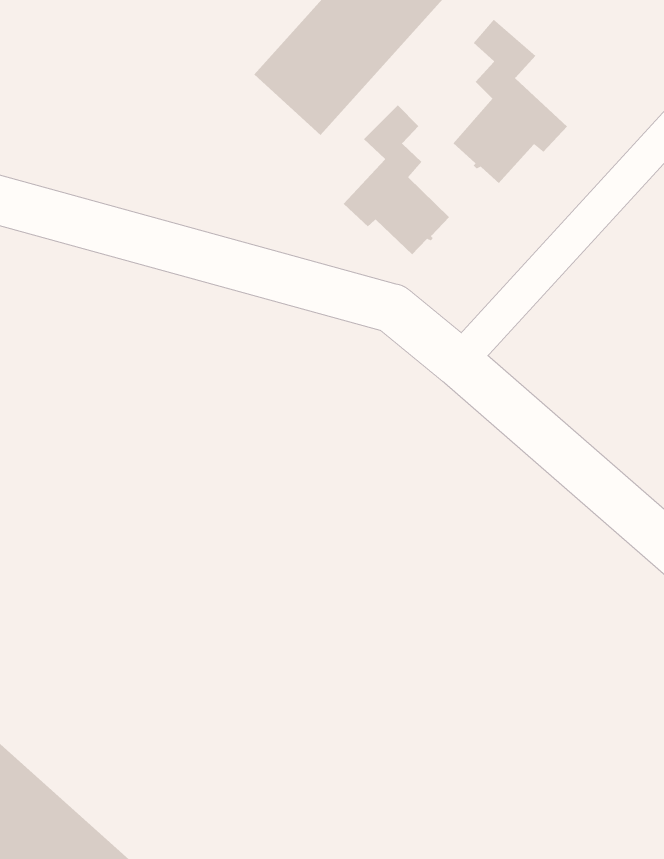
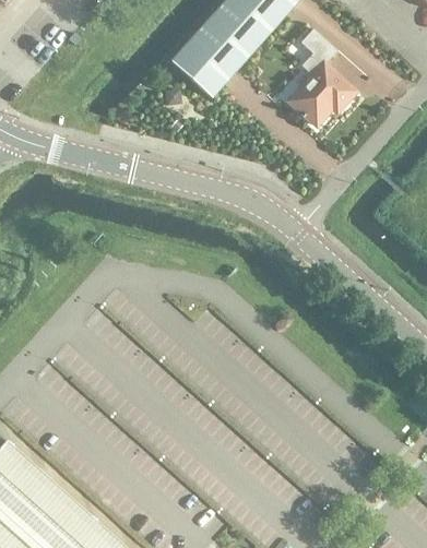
building: [343,105,450,255] -> none

